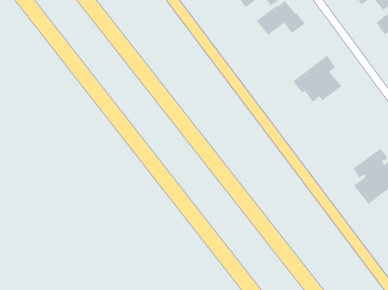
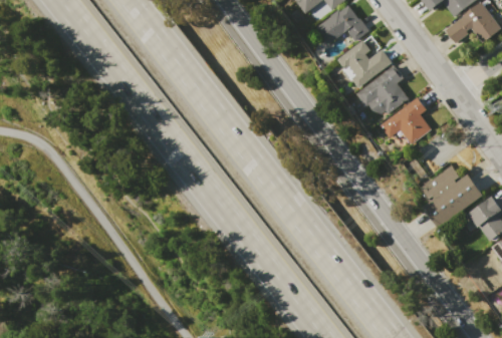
building: none -> [336,39,392,87]
building: none -> [380,96,432,152]

